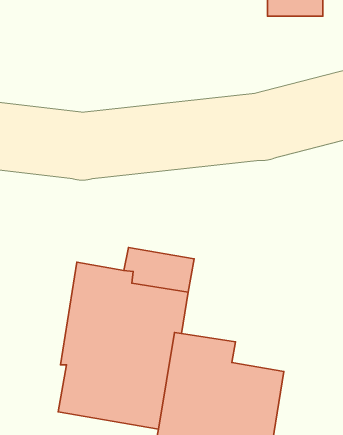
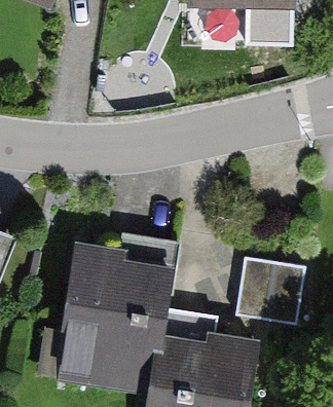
building: none -> [233,258,303,326]

